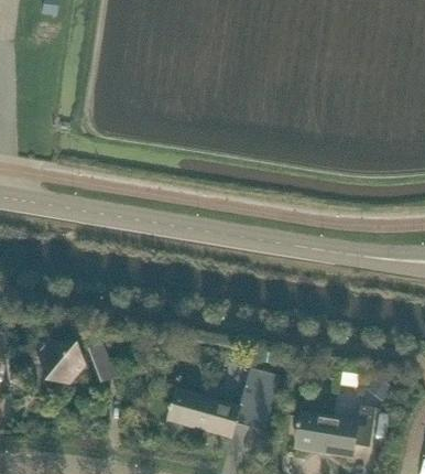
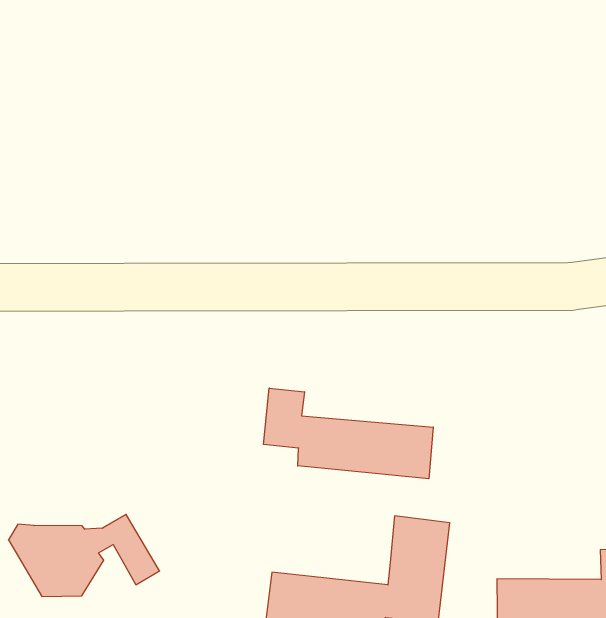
building: none -> [263,388,433,479]

